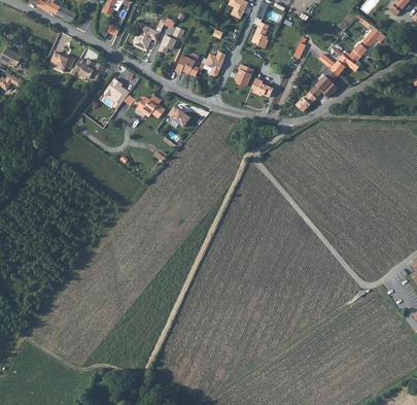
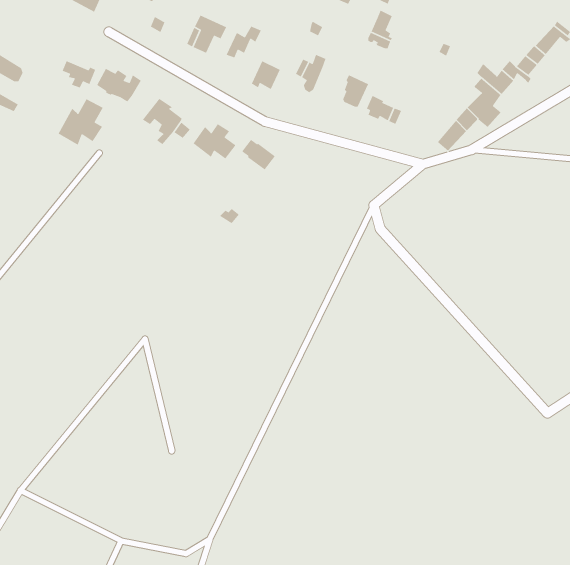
building: none -> [58,98,104,146]

